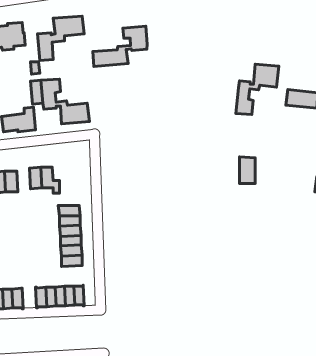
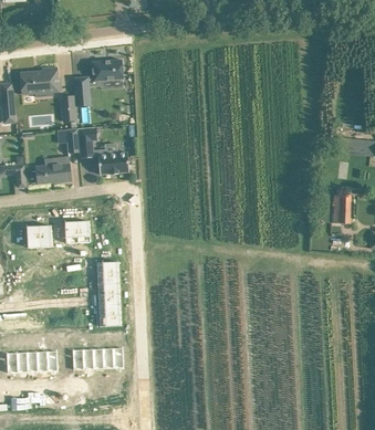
building: [93,26,147,66] -> none
building: [236,64,279,114] -> none
building: [240,157,255,184] -> [333,193,350,222]

